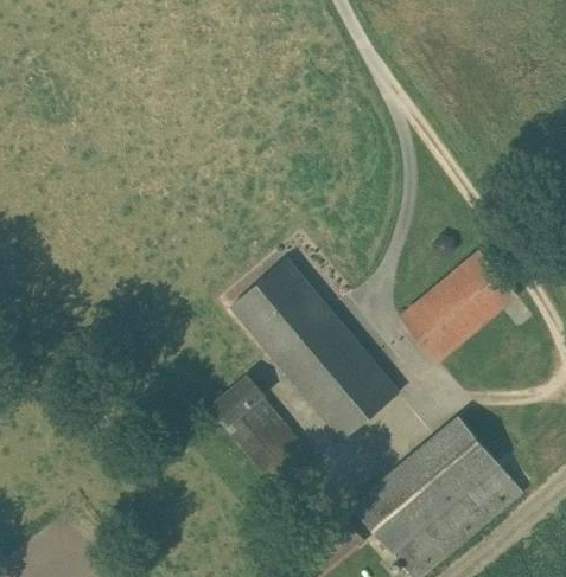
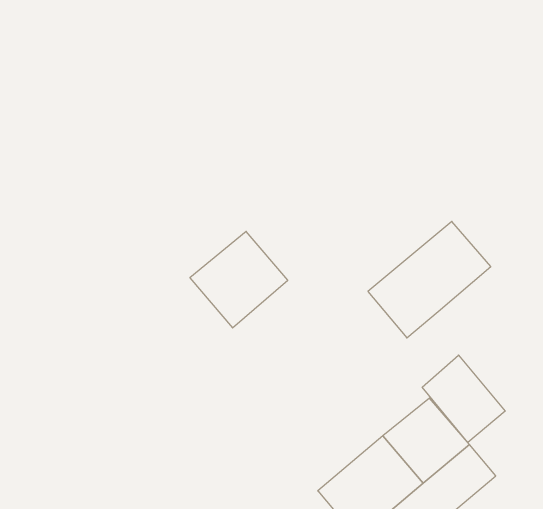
building: [272,307,398,438] -> none
building: [211,373,319,488] -> none
building: none -> [422,355,505,443]

